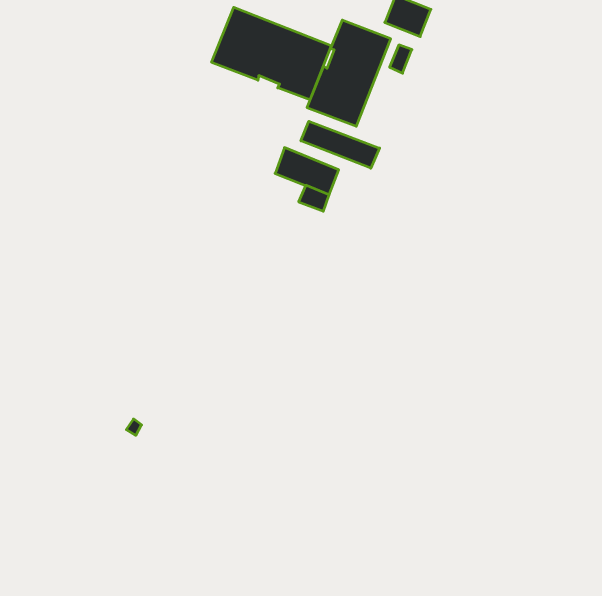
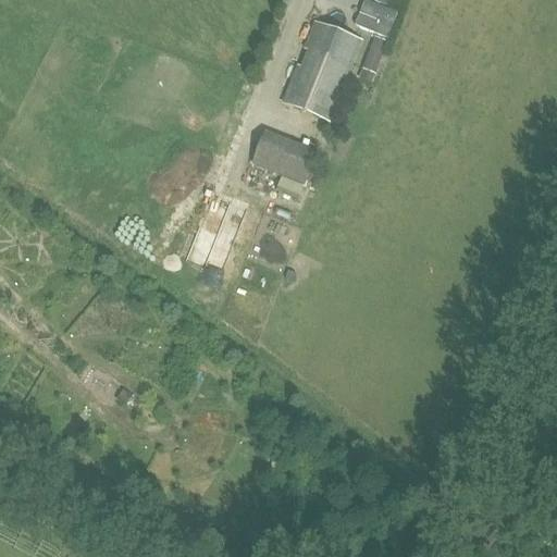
building: [212,7,331,100] -> none
building: [301,121,380,168] -> none

